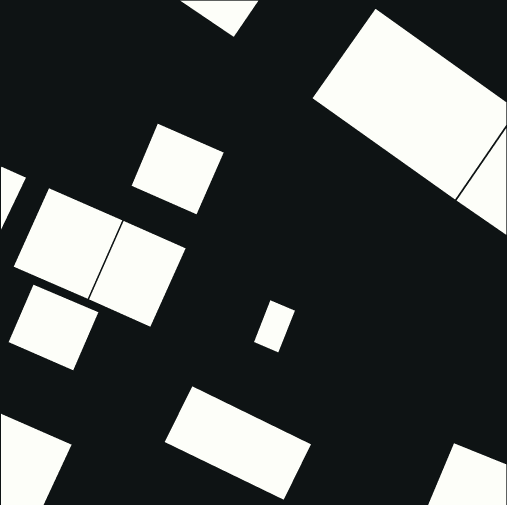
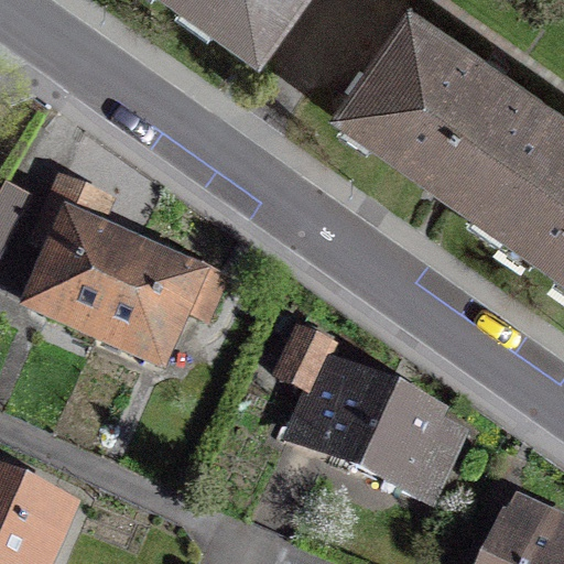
building: [131,123,224,215] -> none
building: [8,284,99,371] -> none
building: [164,385,312,501] -> [300,378,464,506]

